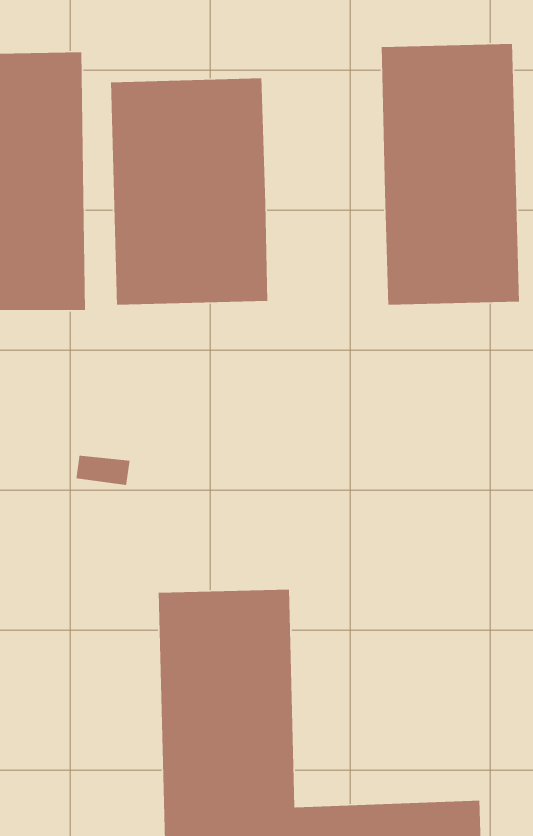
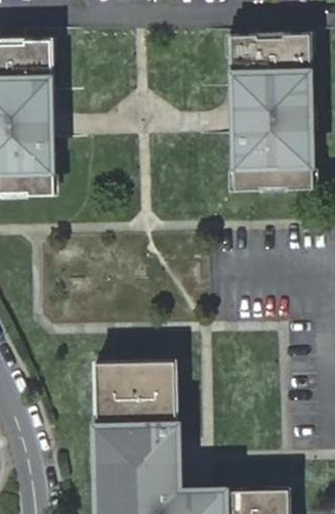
building: [110,78,268,306] -> none

